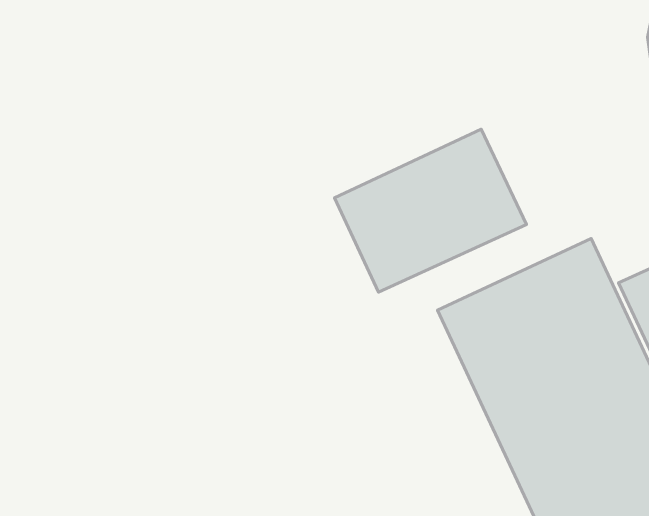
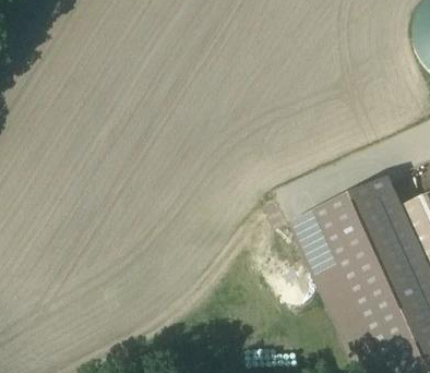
building: [335,129,526,292] -> none

